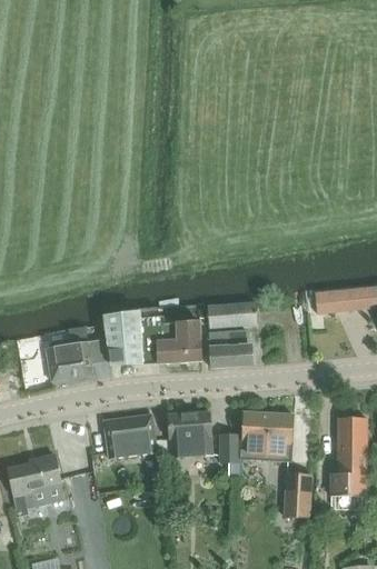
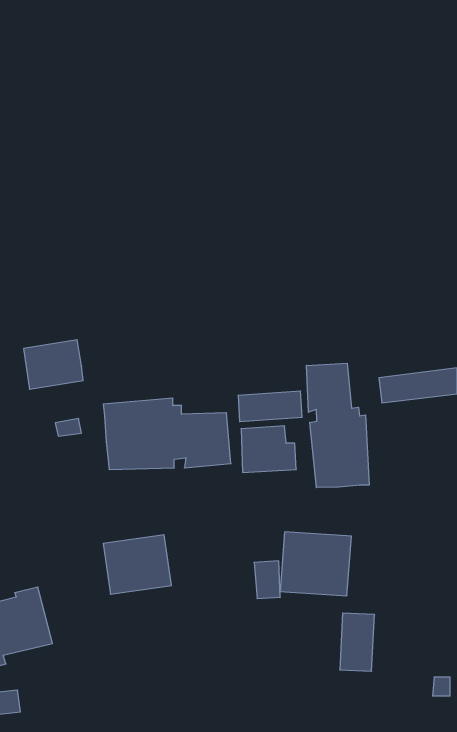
building: none -> [306,363,369,488]
building: [47,341,92,379] -> [24,340,83,389]
building: [169,410,210,456] -> none
building: [330,417,368,496] -> none

